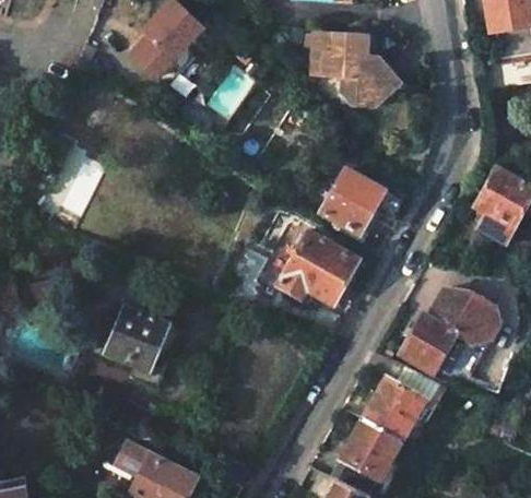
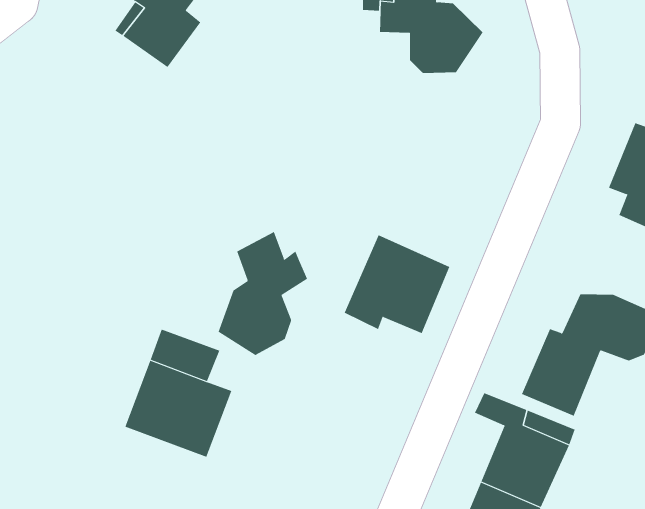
building: [315,165,380,232] -> none
building: none -> [218,231,308,356]

